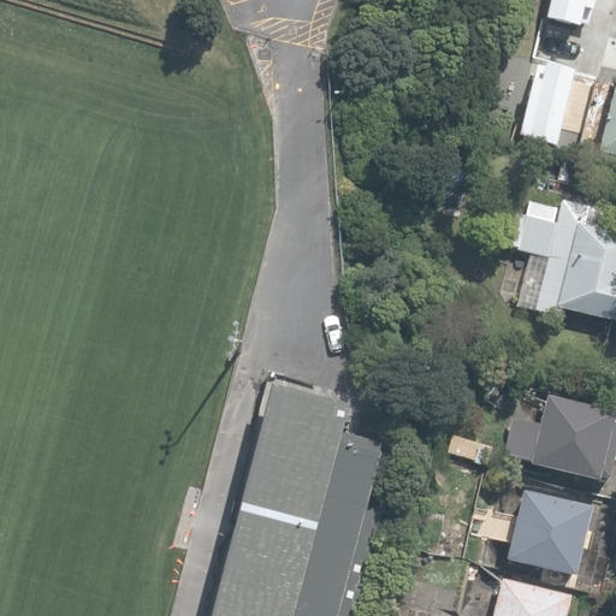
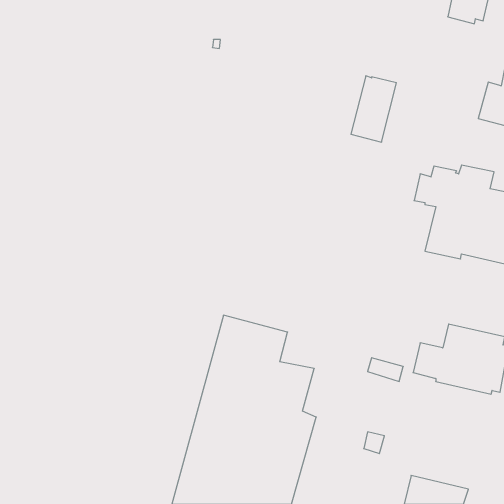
building: [517,63,573,143] -> [351,76,396,142]
building: [508,492,592,575] -> none

